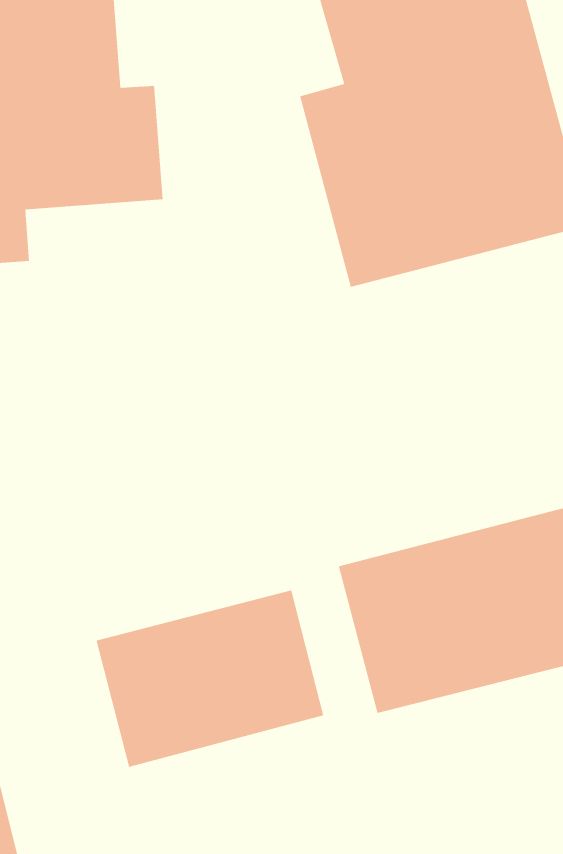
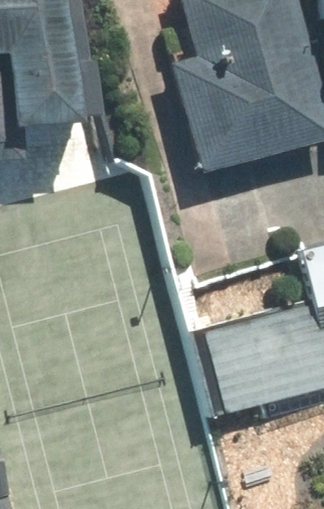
building: [95,589,324,768] -> none

